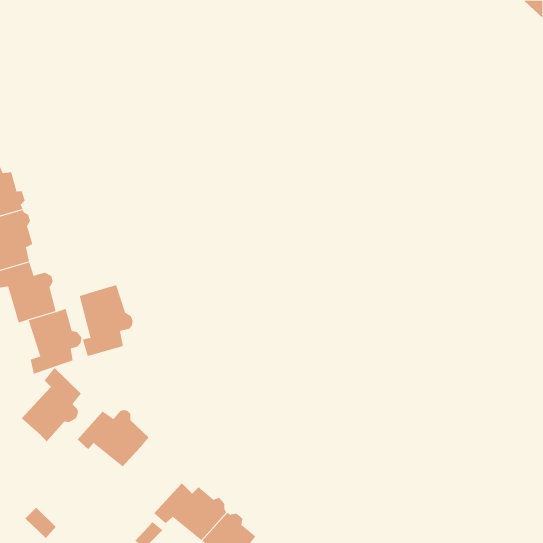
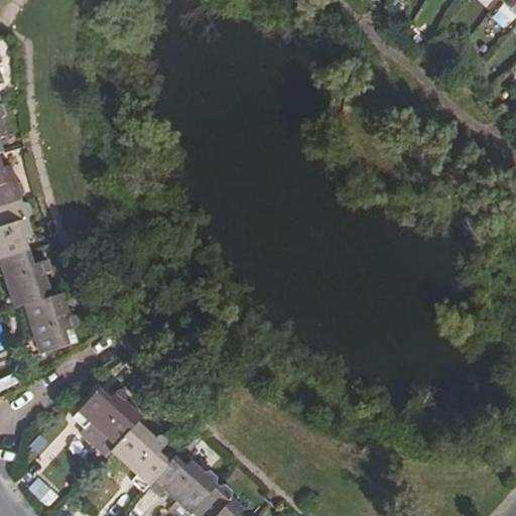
building: [79,285,133,357] -> none
building: [21,367,81,442] -> none
building: none -> [111,421,167,492]

